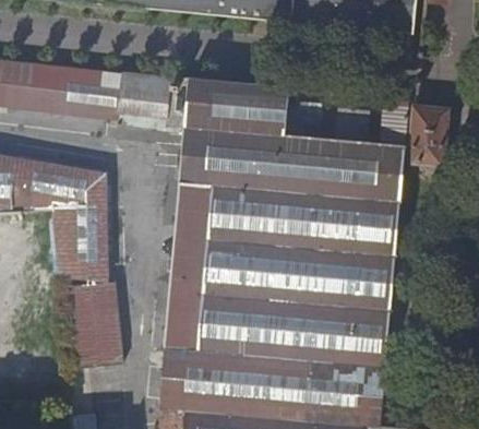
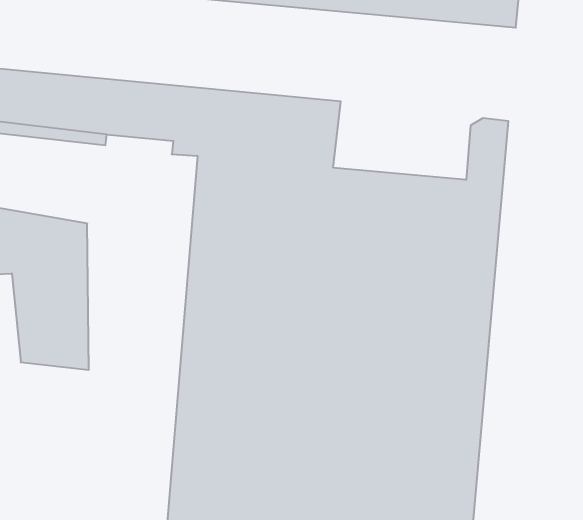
building: [410,108,447,164] -> none
building: [67,284,124,368] -> none

